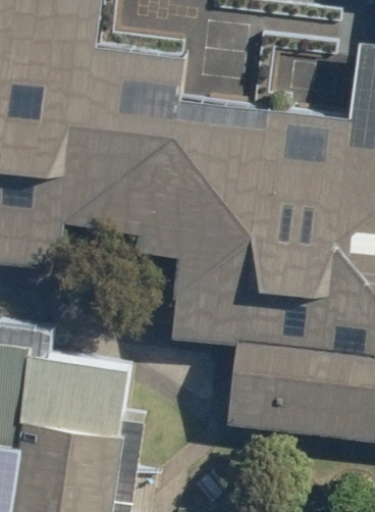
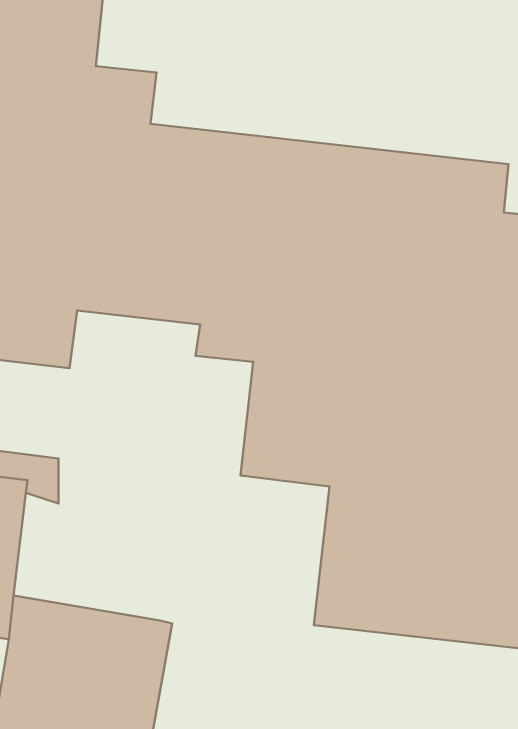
building: [31,345,138,423] -> none

